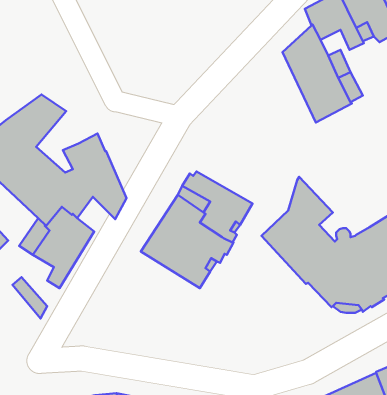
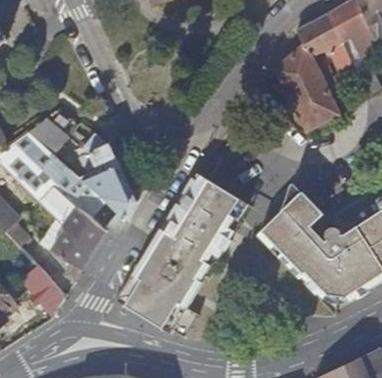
building: none -> [116,248,202,333]

